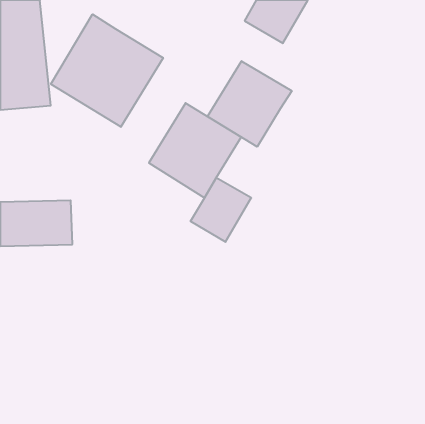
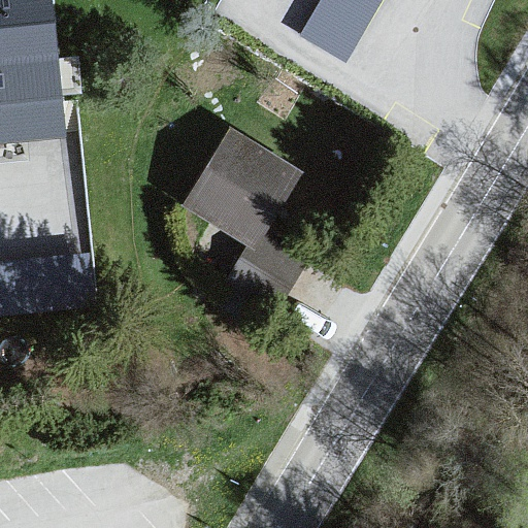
building: [51,14,163,127] -> none
building: [208,61,292,147] -> none

